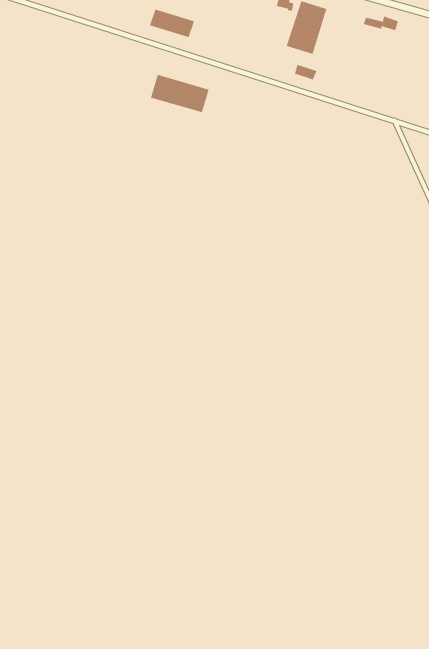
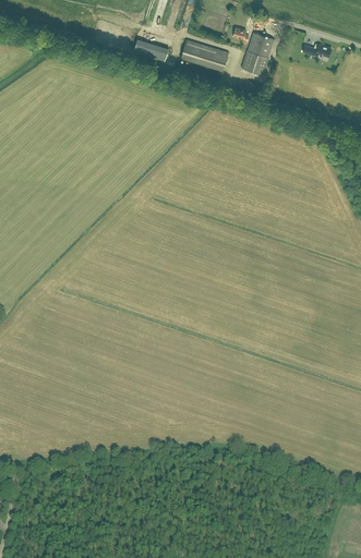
building: [150,74,209,113] -> [181,39,228,70]

